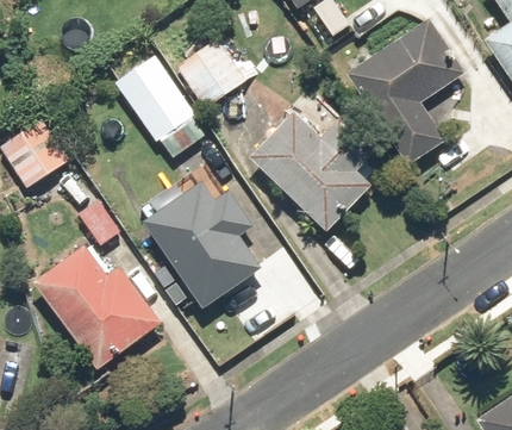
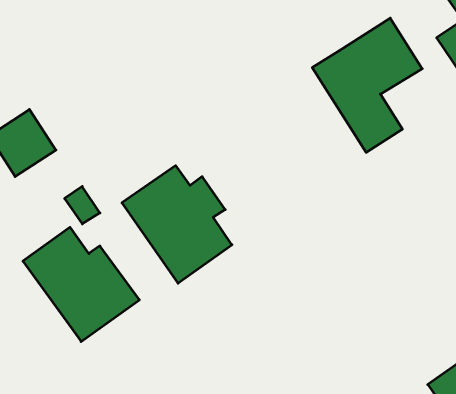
building: [177,38,246,108] -> none
building: [117,52,207,152] -> none
building: [250,111,376,231] -> none

